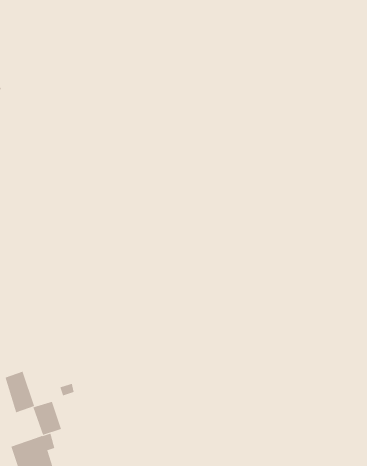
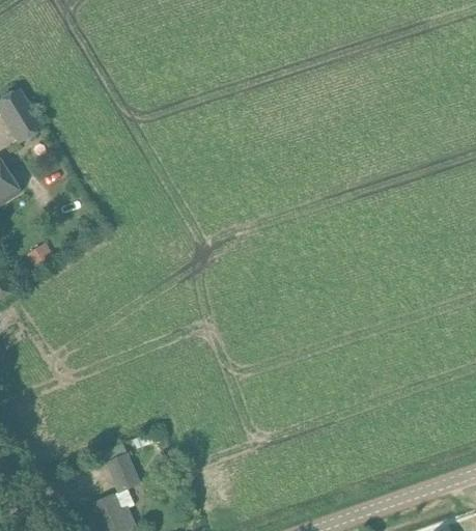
building: [5,371,35,413] -> none

